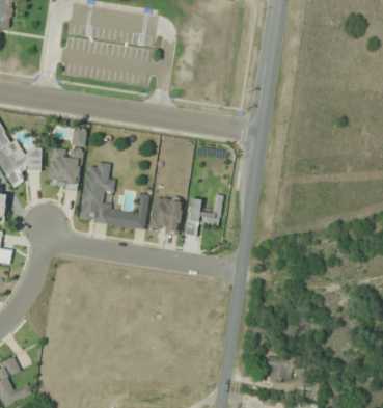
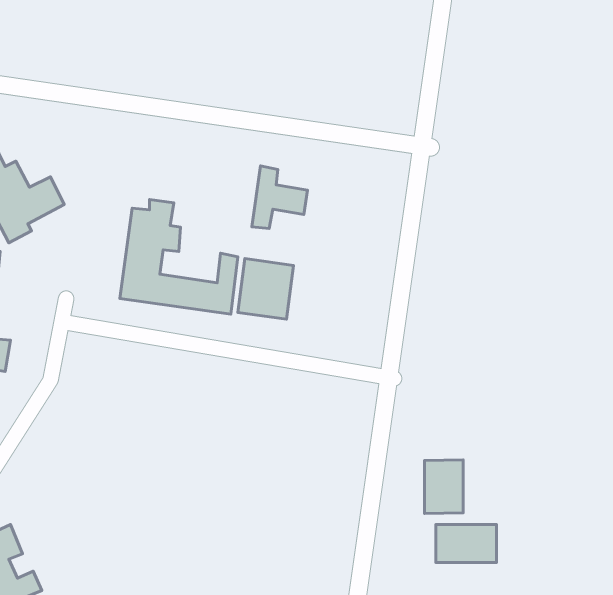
building: [48,146,82,189] -> none
building: [185,197,218,235] -> [252,166,307,228]
building: none -> [425,460,463,514]

